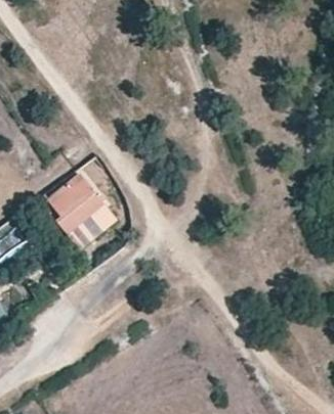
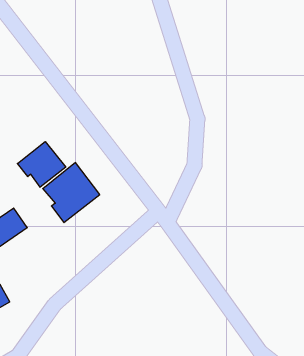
building: none -> [17,142,66,187]

